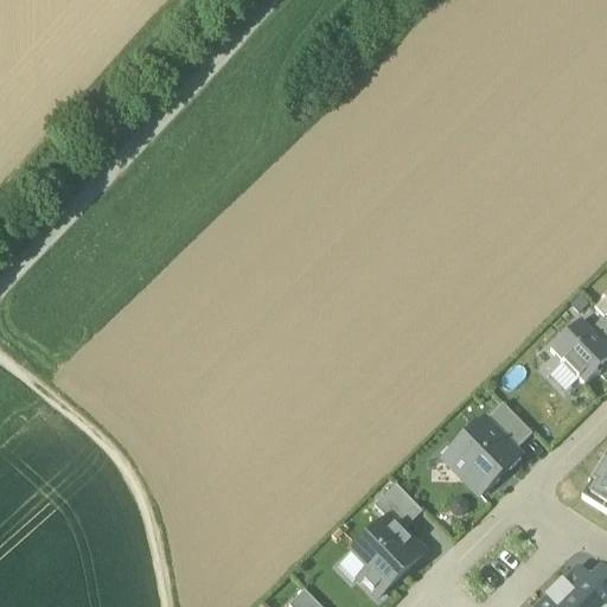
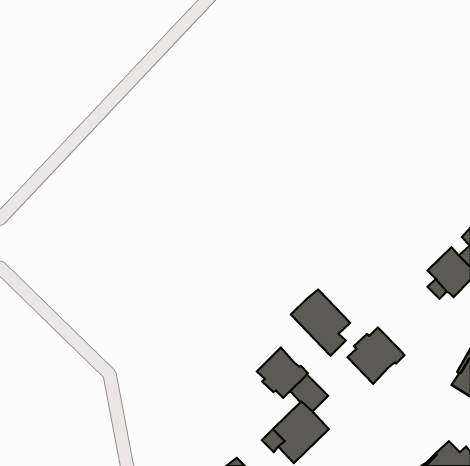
building: none -> [291,289,350,356]
building: [485,401,533,449] -> none
building: none -> [257,348,308,398]

